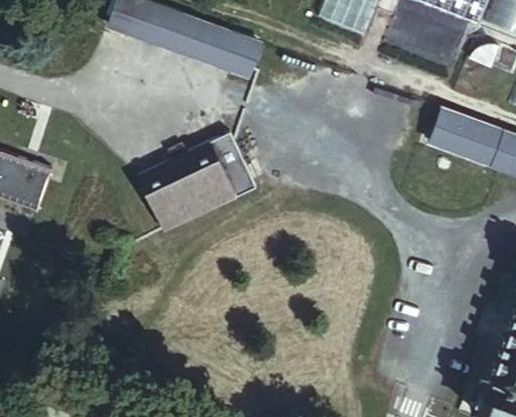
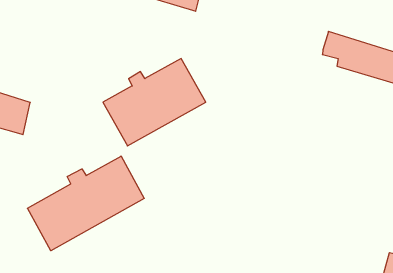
building: none -> [27,156,144,251]

